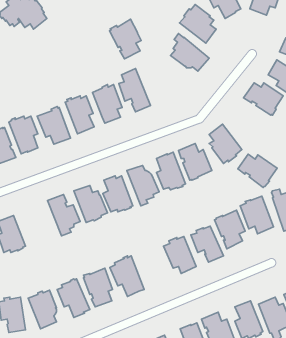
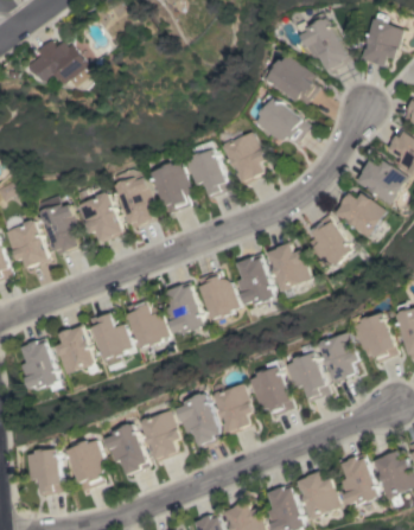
building: [109,19,141,59] -> [222,132,265,185]
building: [238,154,277,187] -> [332,192,386,237]
building: none -> [56,326,96,376]
building: none -> [210,384,250,435]

